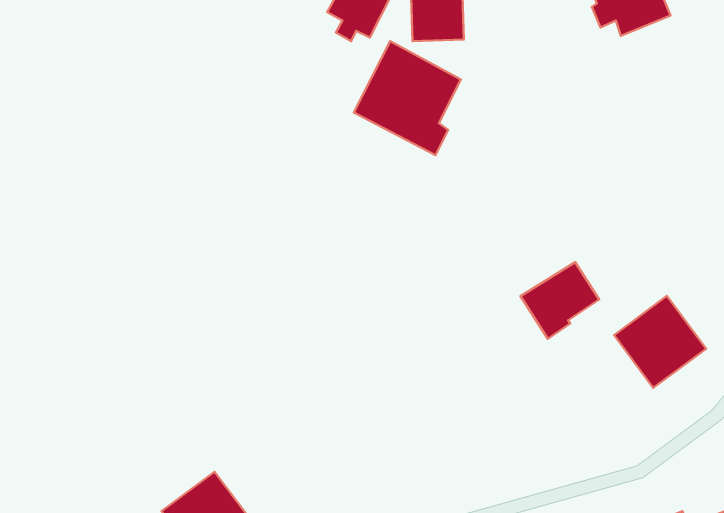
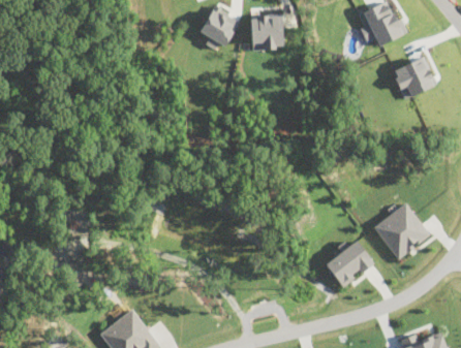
building: [354,41,461,155] -> none
building: none -> [393,56,436,98]
building: [520,262,599,339] -> [326,241,373,287]

